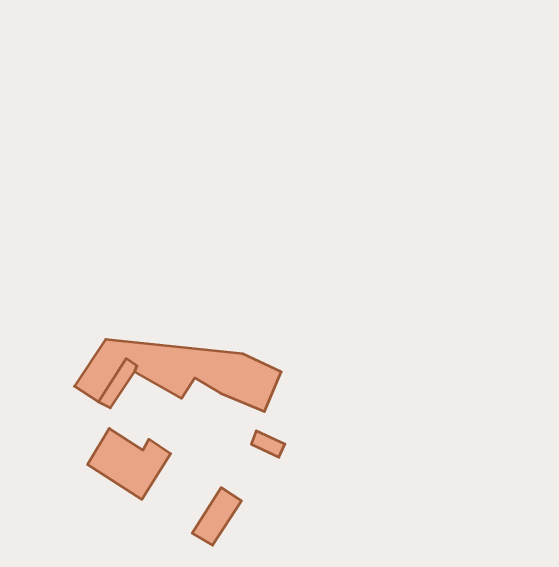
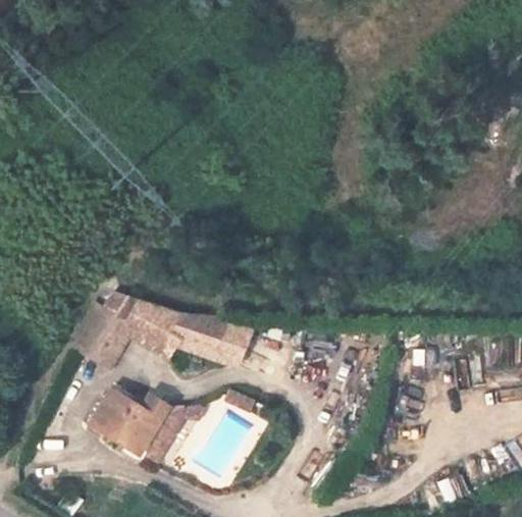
building: [192,488,241,545] -> [138,406,179,455]

